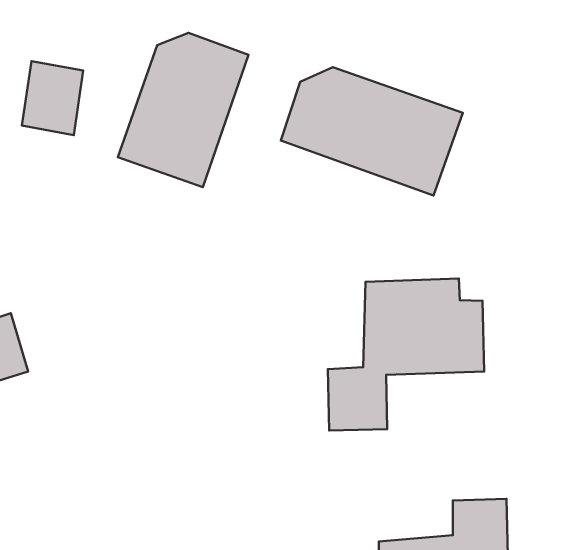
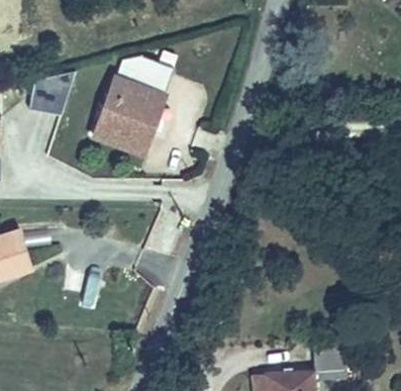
building: [281,67,463,195] -> none
building: [328,279,484,431] -> none

